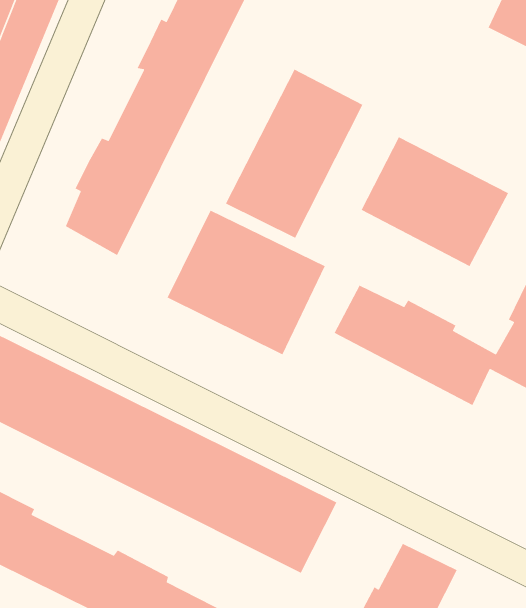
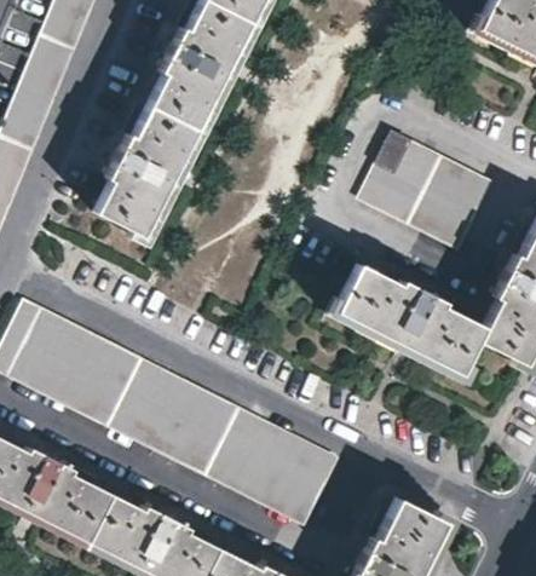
building: [225,68,364,239] -> none
building: [166,210,326,355] -> none

